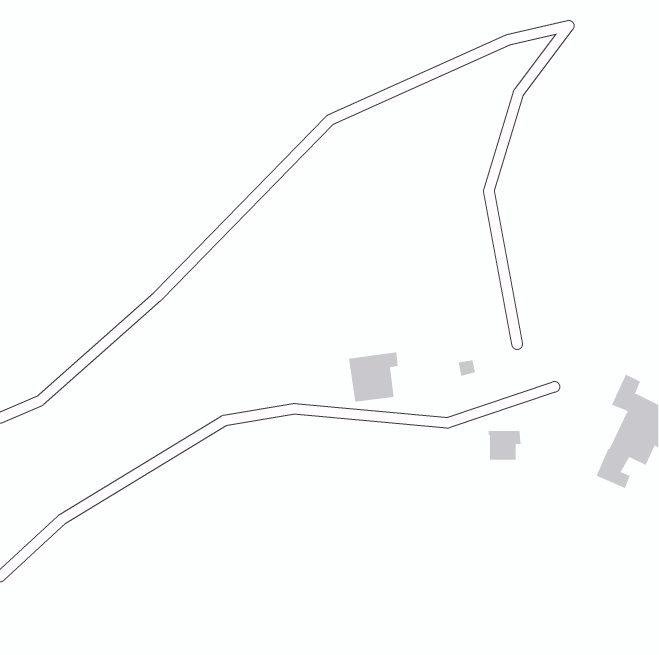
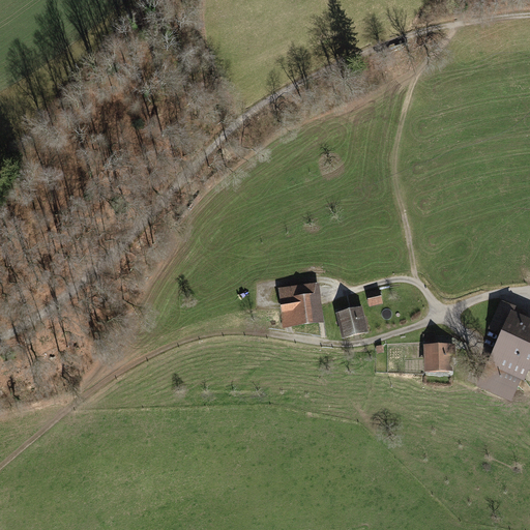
building: none -> [340,307,364,334]
building: [488,430,522,460] -> [426,344,453,367]

